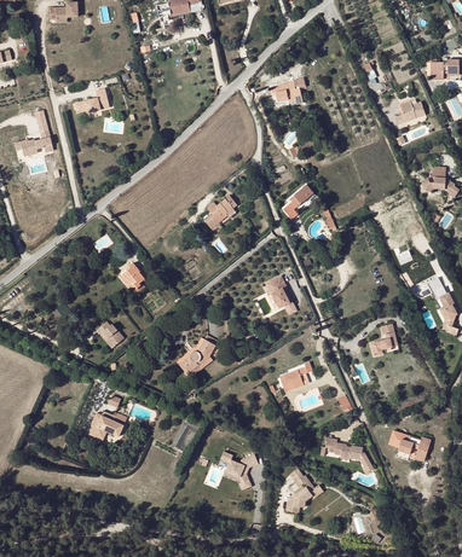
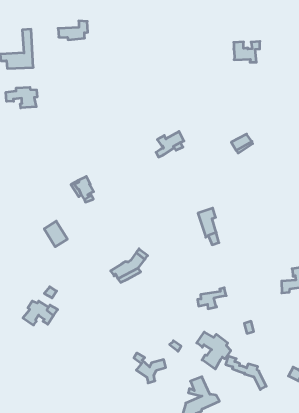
building: none -> [6,87,37,108]
building: none -> [197,332,231,369]

